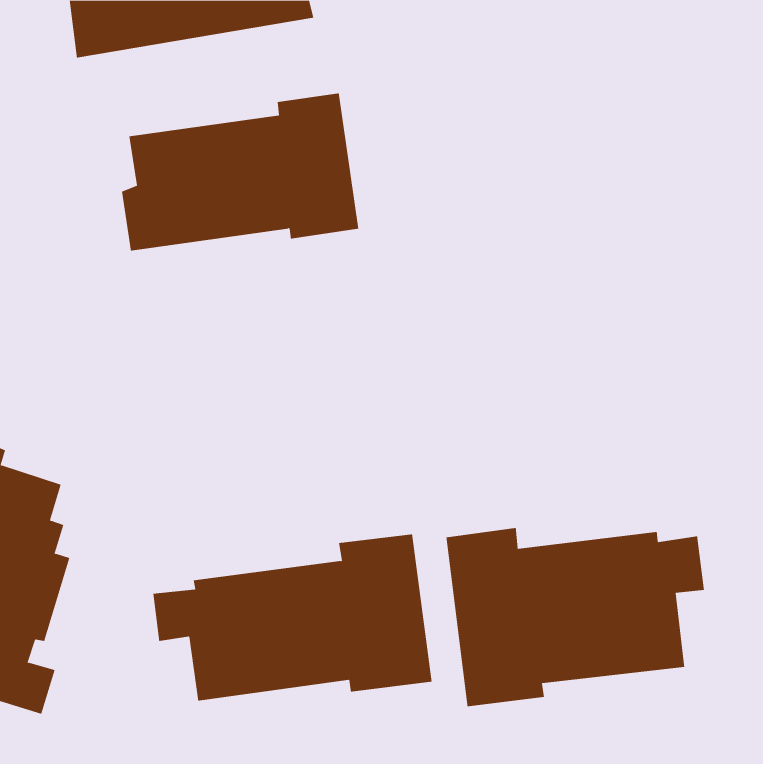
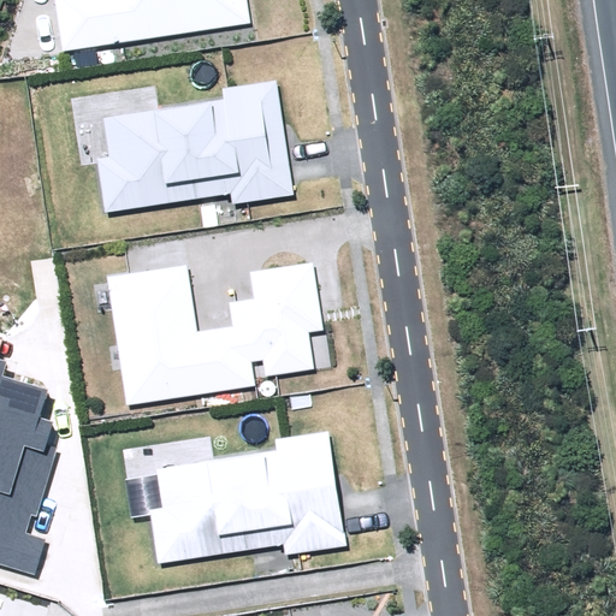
building: none -> [109,263,321,404]
building: [446,527,705,707] -> none

